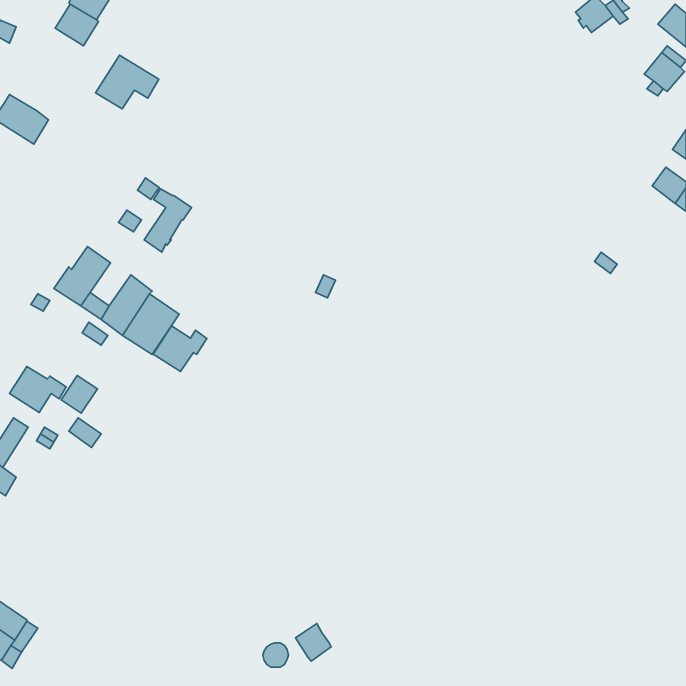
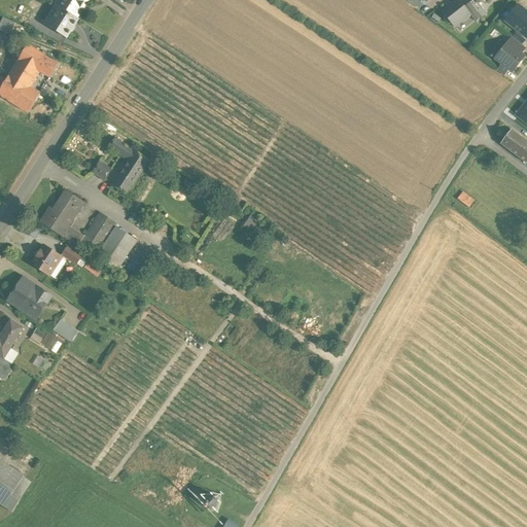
building: [95,55,159,109] -> [7,43,56,84]
building: [153,326,207,372] -> none
building: [61,376,97,413] -> [33,246,61,275]
building: [295,624,331,661] -> none

